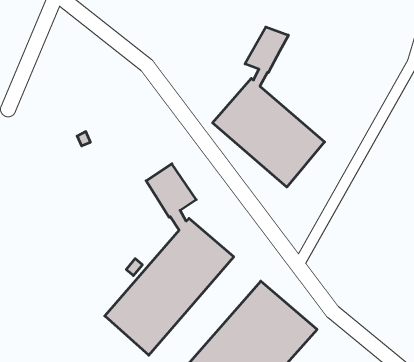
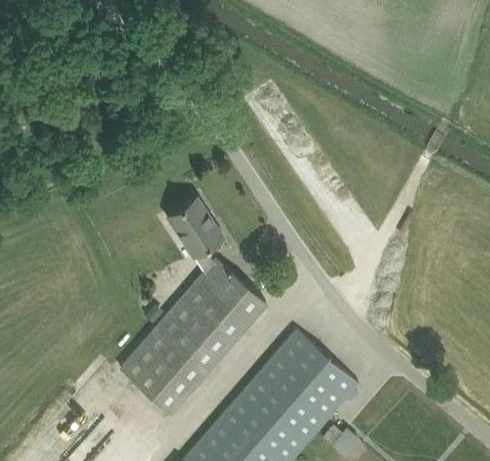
building: [213,27,325,187] -> none

